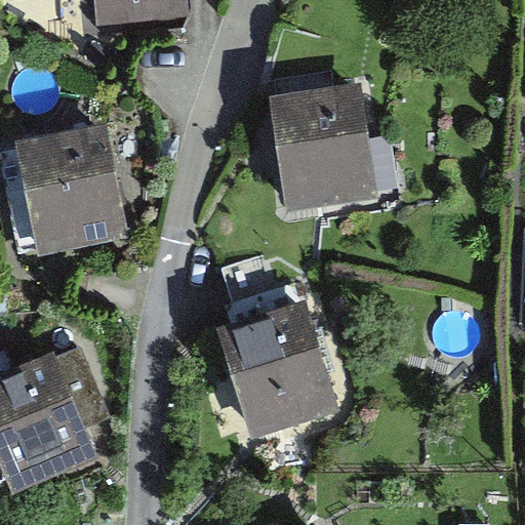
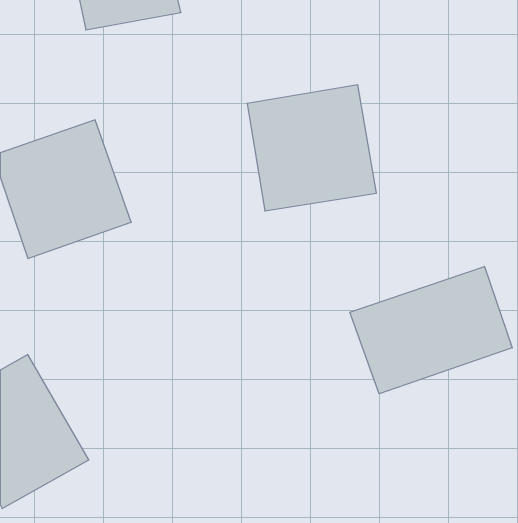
building: none -> [350,266,512,394]
building: [198,279,356,436] -> none

